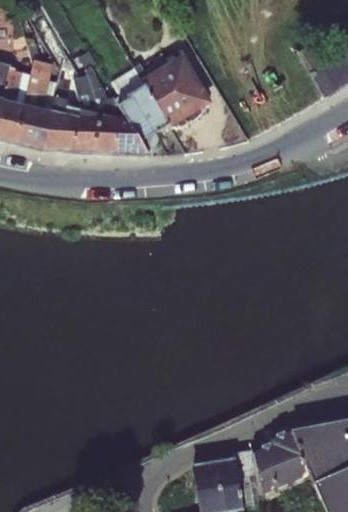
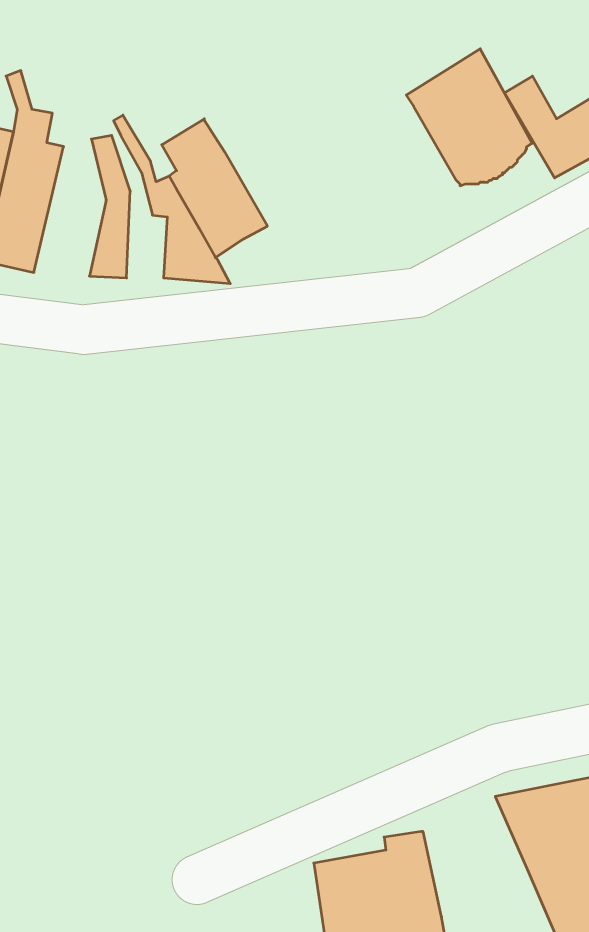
building: [141,52,209,126] -> [406,49,532,186]
building: [84,74,114,152] -> none
building: [42,77,81,150] -> none
building: [252,429,309,496] -> none

